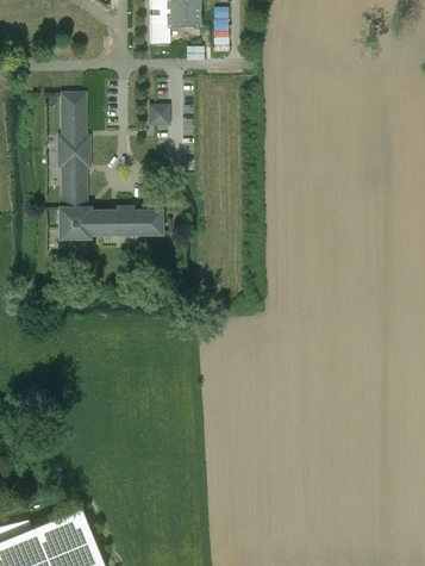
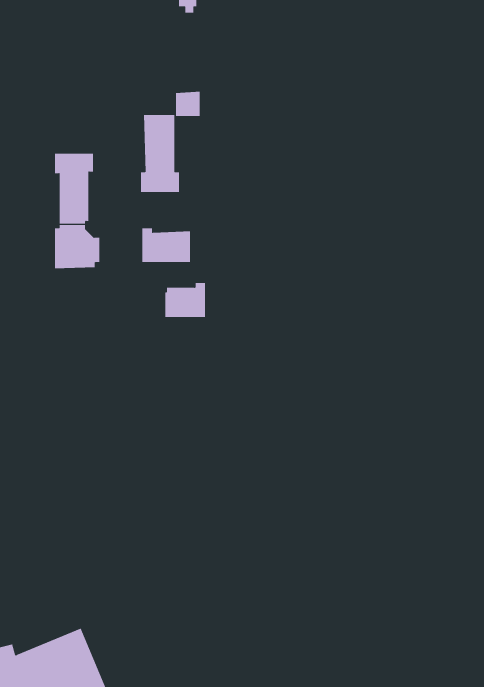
building: [60,94,89,153] -> [140,115,180,192]
building: [94,209,125,235] -> [164,282,206,317]

